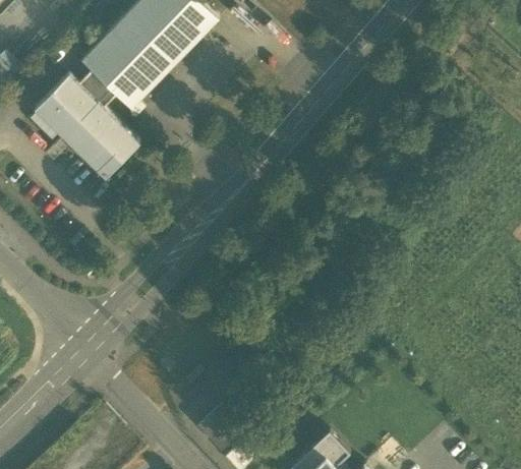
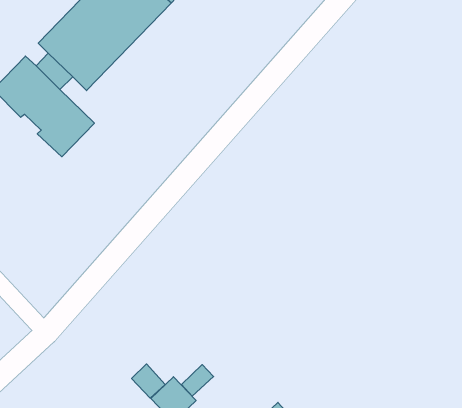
building: none -> [132,364,165,398]
building: none -> [182,365,214,396]

